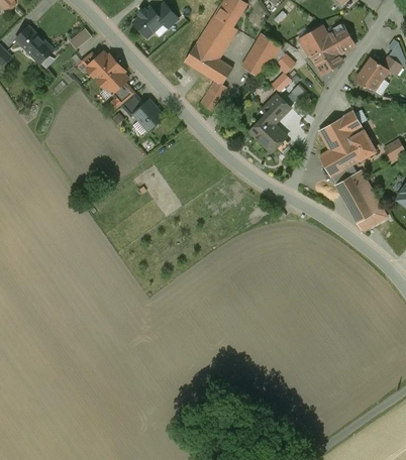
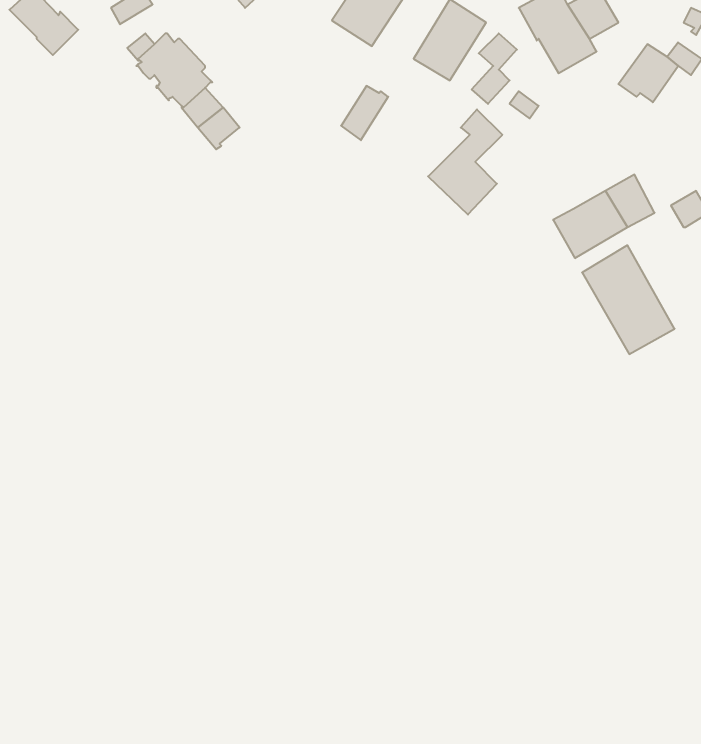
building: [184,43,232,85] -> none
building: [132,100,164,130] -> none
building: [318,111,364,149] -> none

